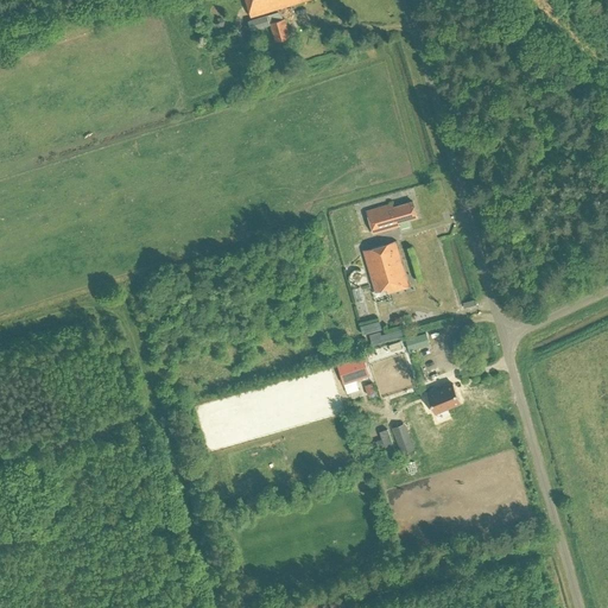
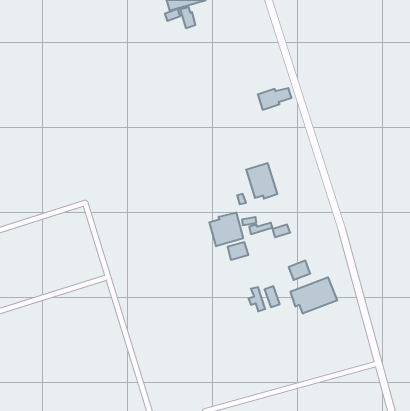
building: [367,202,417,234] -> [258,88,292,110]
building: none -> [209,212,243,246]
building: none -> [291,277,337,314]

